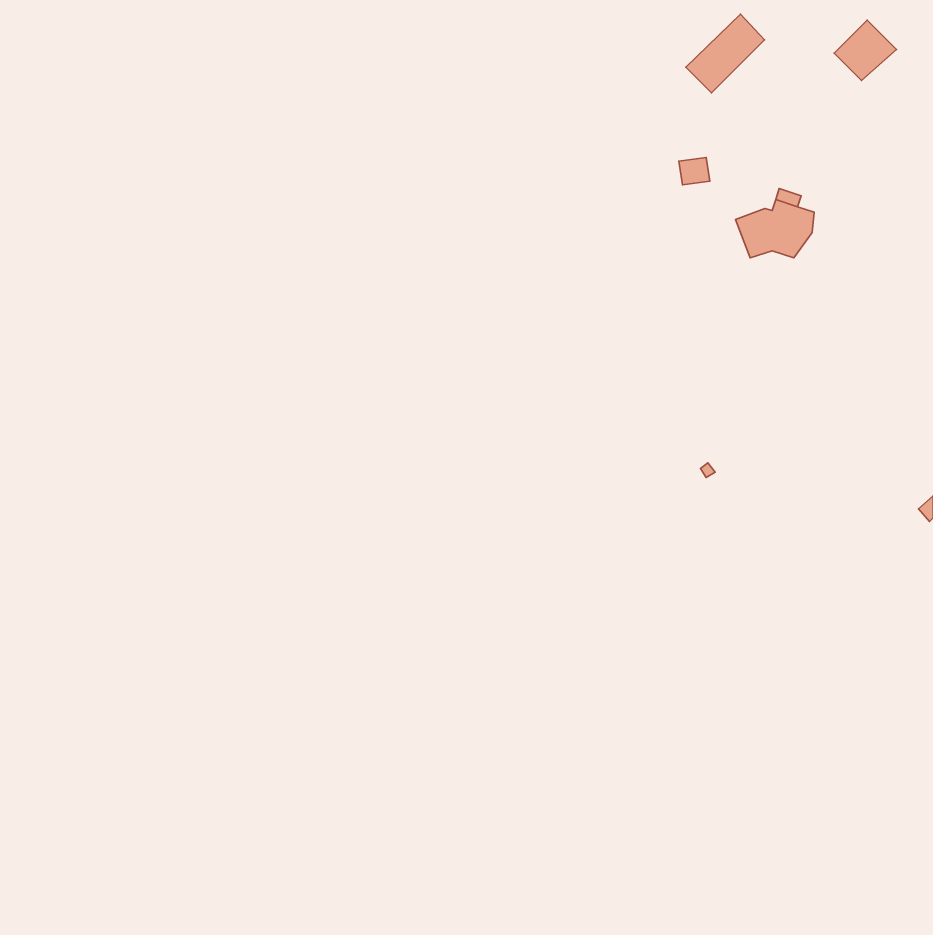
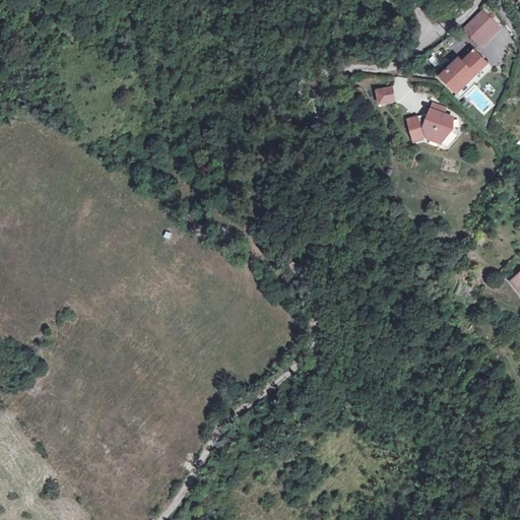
building: [686,14,764,93] -> [441,49,484,92]

